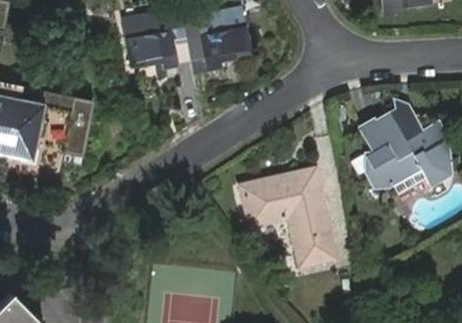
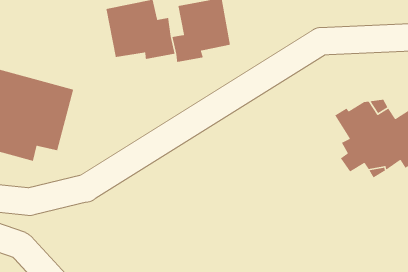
building: [238,172,330,269] -> none

